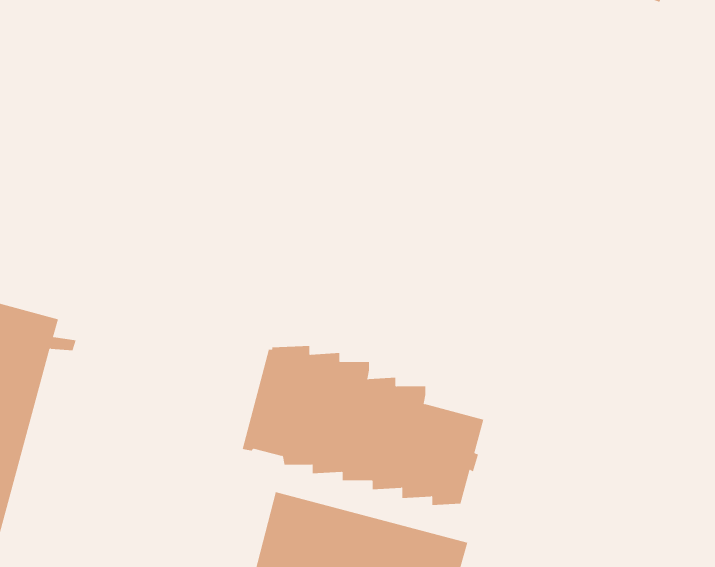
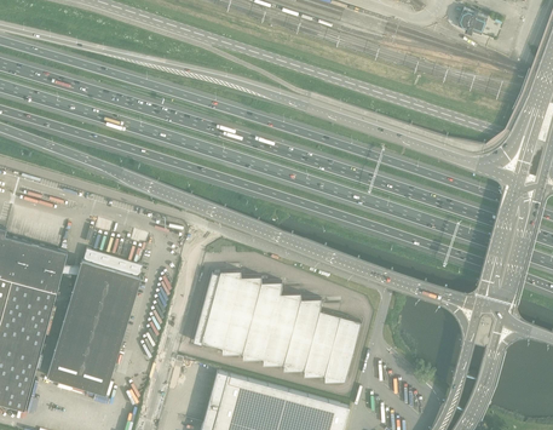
building: none -> [45,250,142,396]

